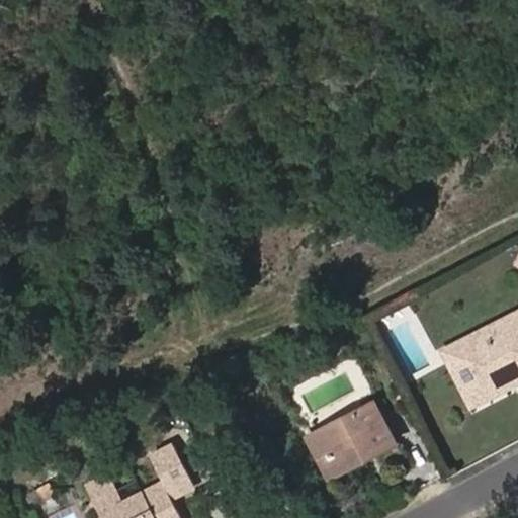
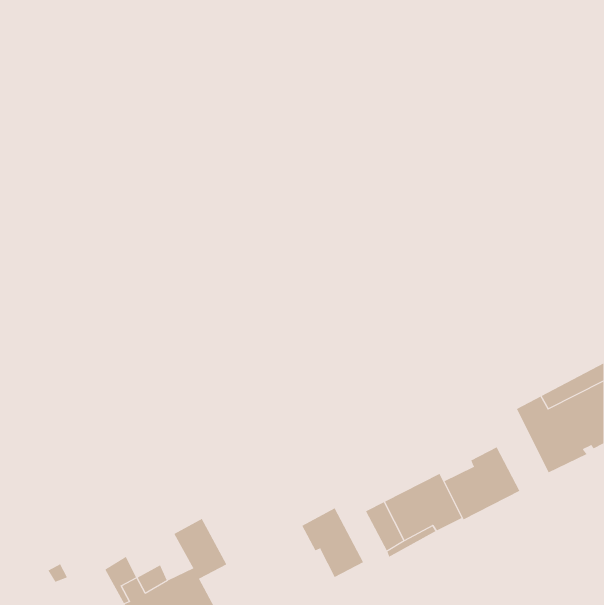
building: none -> [444,446,520,520]
building: none -> [301,507,364,578]

